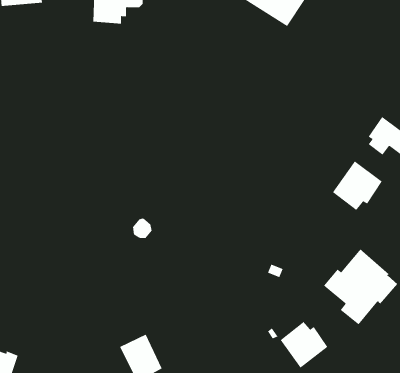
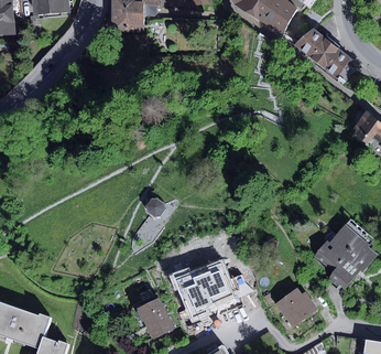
building: none -> [295,30,350,78]
building: [332,161,383,211] -> none
building: none -> [174,259,236,320]

